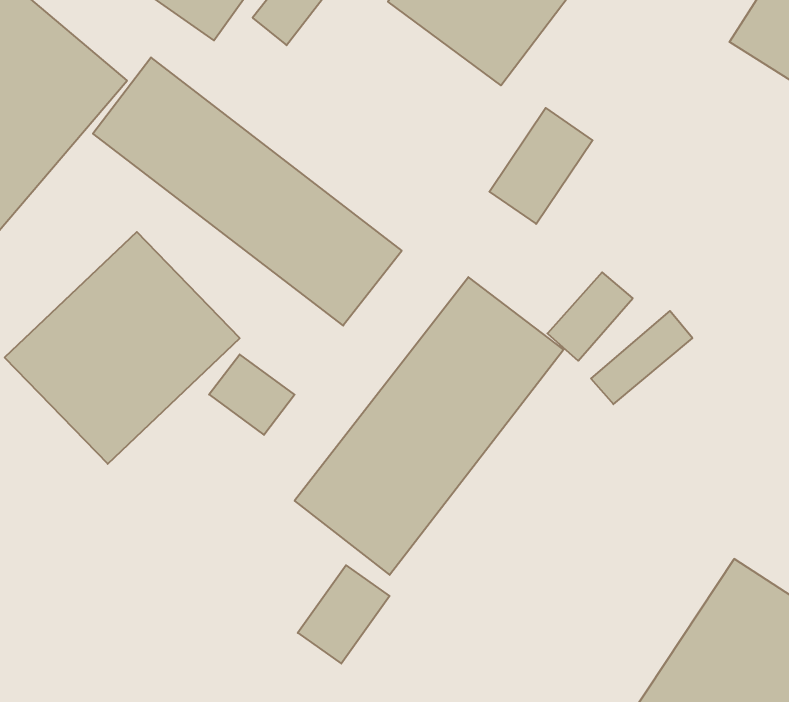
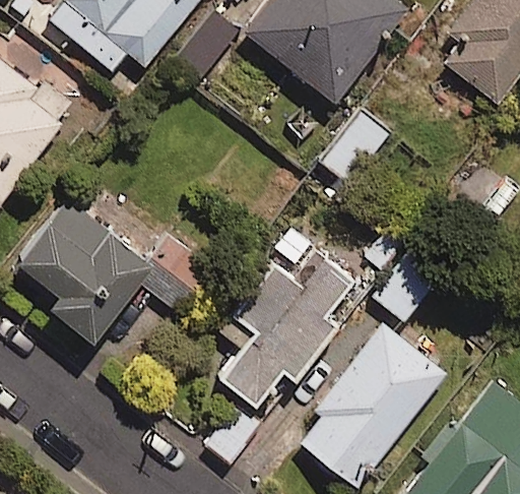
building: [93,57,402,326] -> none
building: none -> [298,307,437,468]

